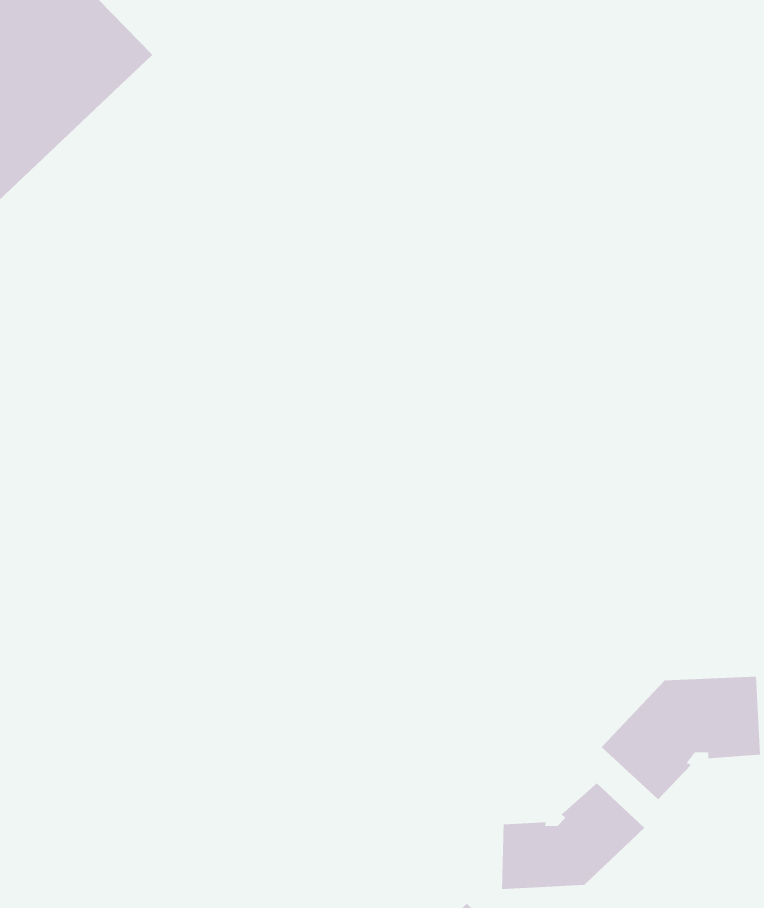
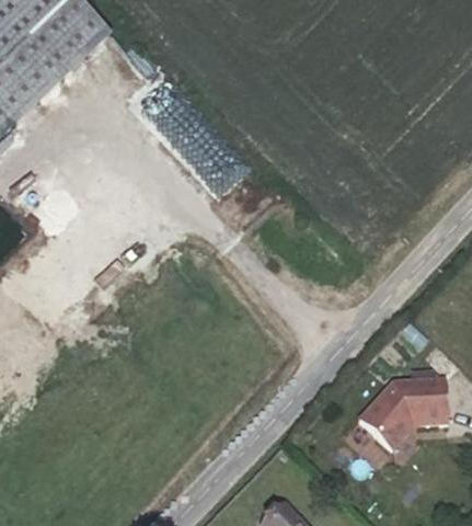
building: [501,782,645,890] -> none

